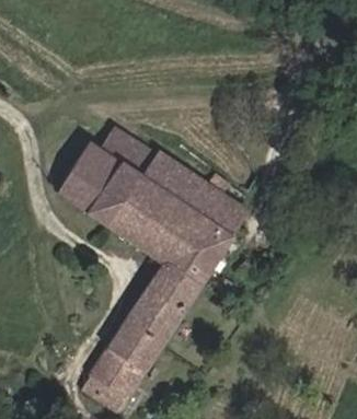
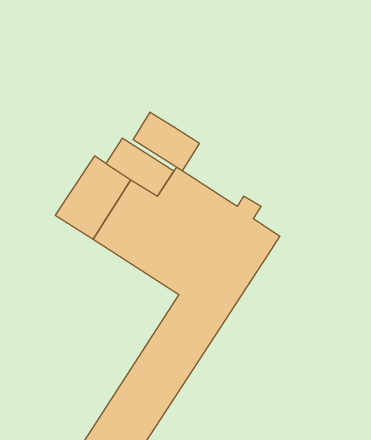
building: none -> [133,112,199,171]

